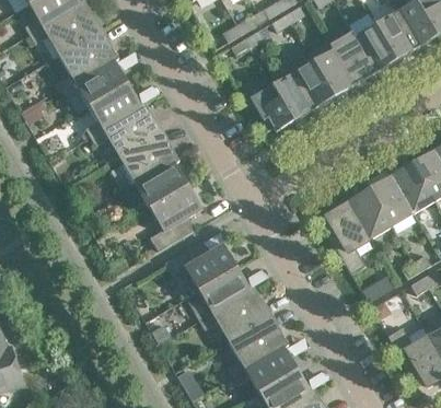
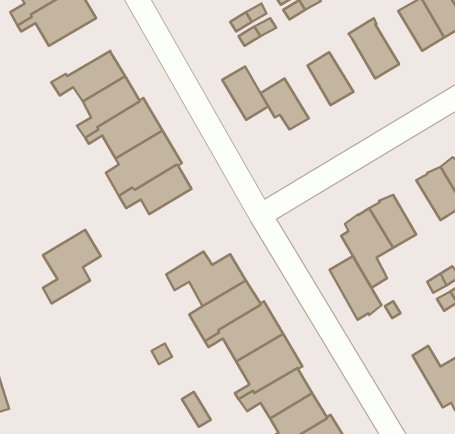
building: [355,23,397,71] -> none
building: [58,30,119,88] -> none
building: [313,48,355,96] -> none
building: [272,72,314,120] -> [222,67,268,120]
building: [371,176,414,225] -> none
building: [150,184,202,250] -> [43,230,101,303]
building: none -> [330,256,382,320]

